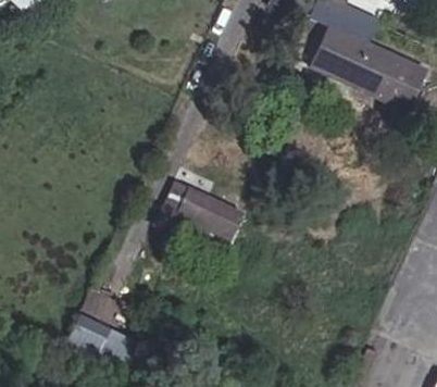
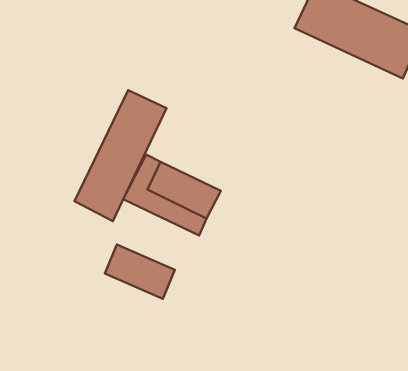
building: none -> [75,90,167,221]
building: [70,307,133,355] -> [105,245,175,299]

